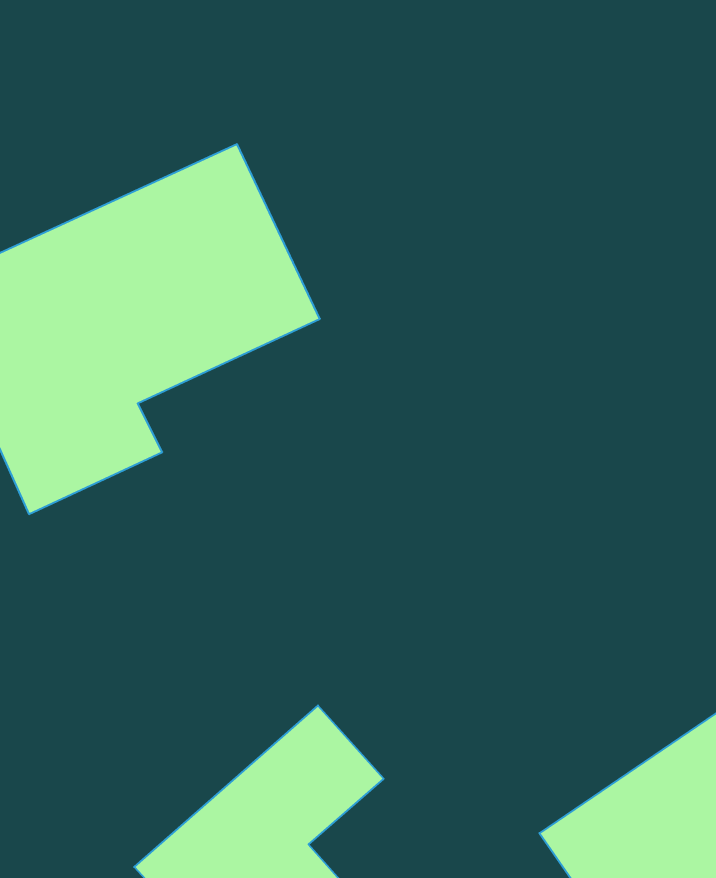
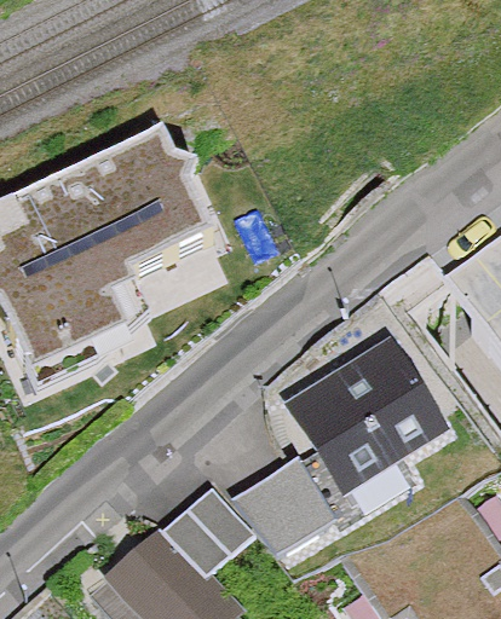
building: none -> [292,343,439,494]
building: none -> [232,458,335,555]

